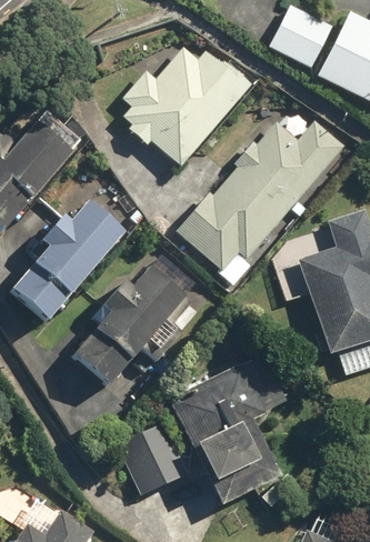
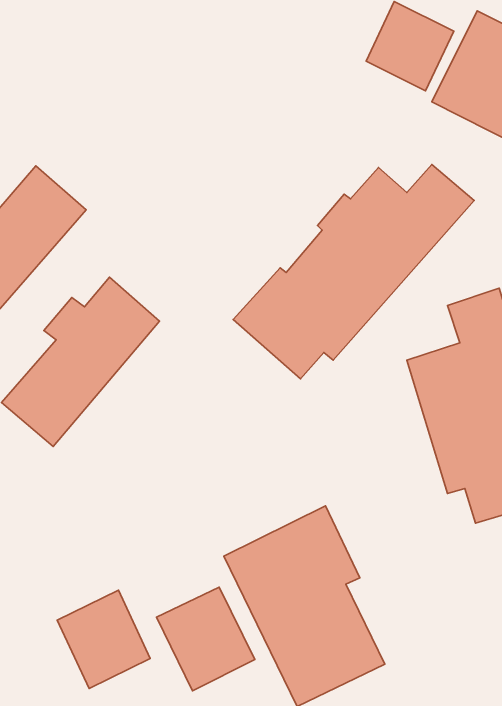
building: [122,47,252,167] -> none
building: [71,267,191,385] -> none
building: none -> [57,590,150,689]

